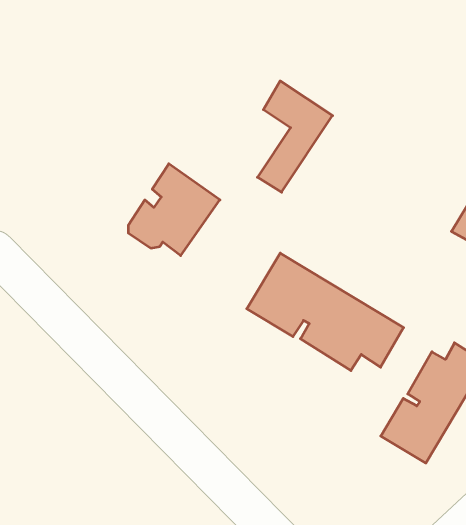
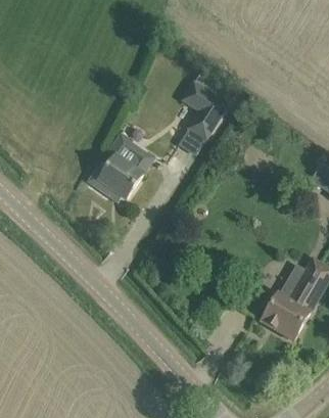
building: [247,253,404,371] -> none

